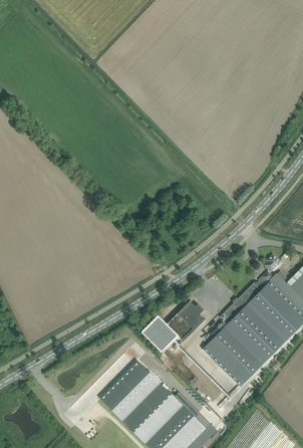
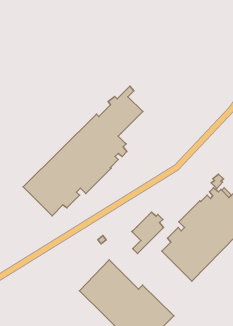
building: none -> [23,86,143,216]
building: [140,316,177,355] -> none

